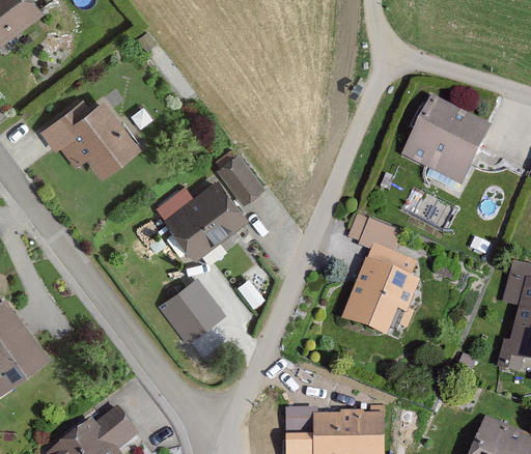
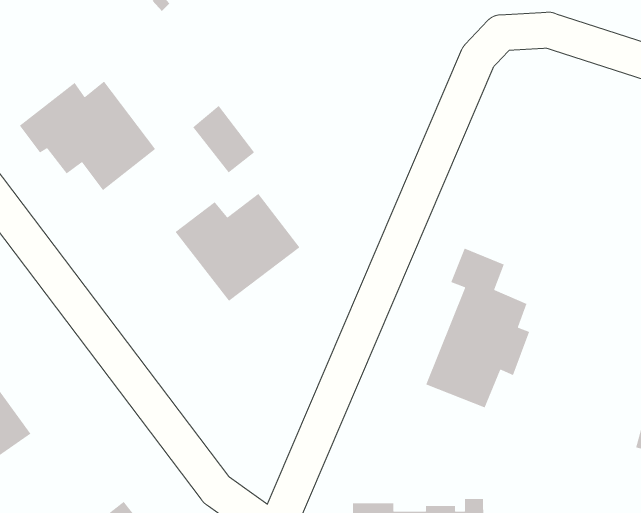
building: [399,96,490,185] -> none
building: [215,152,261,203] -> [192,105,255,174]
building: [160,271,226,337] -> none

